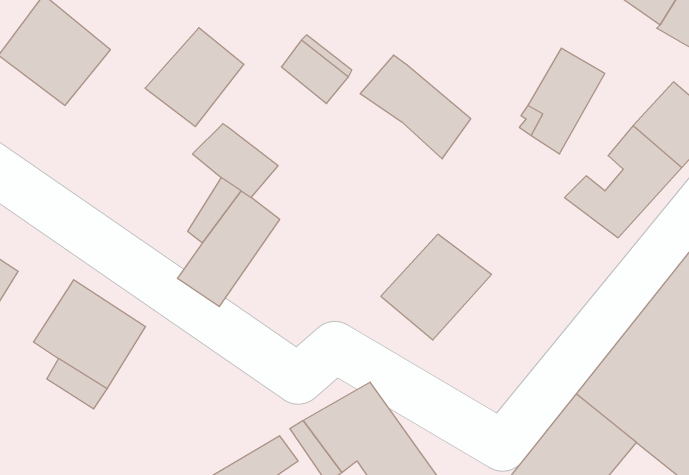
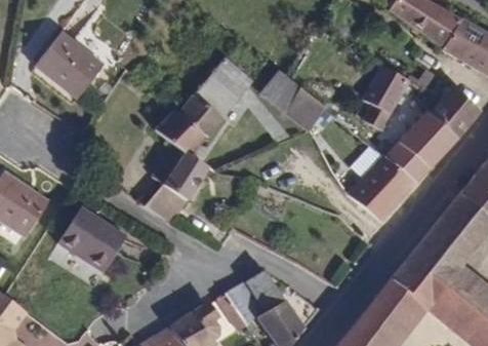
building: [145,28,244,127] -> [178,76,239,137]
building: [381,234,492,340] -> [350,156,417,221]

